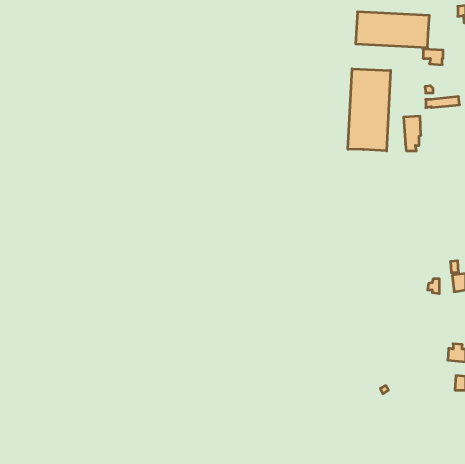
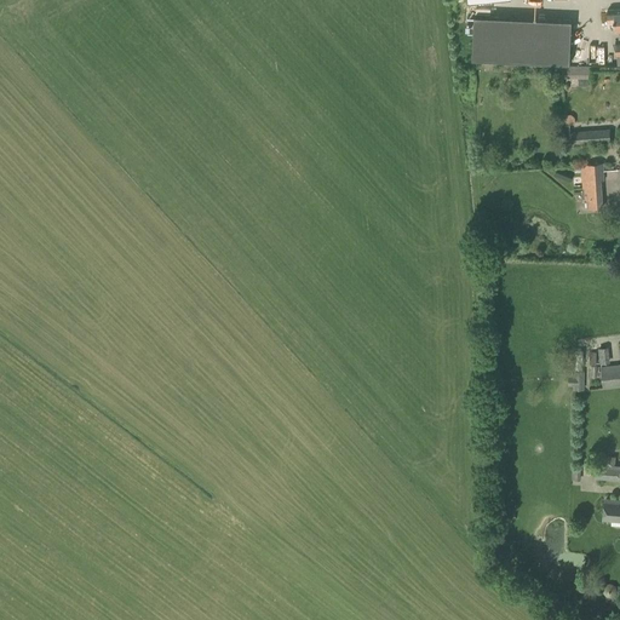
building: [348,69,391,151] -> none
building: [404,116,421,151] -> [582,165,605,211]

